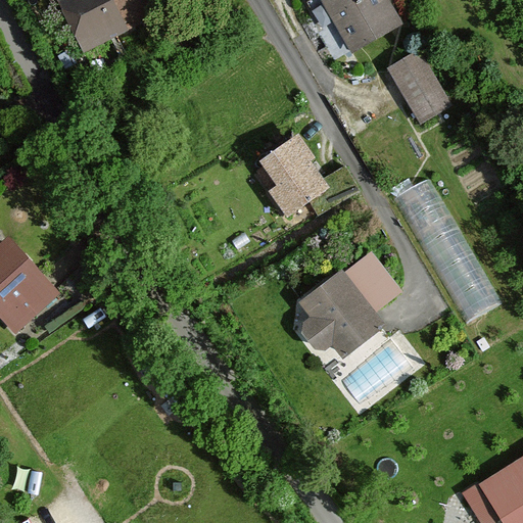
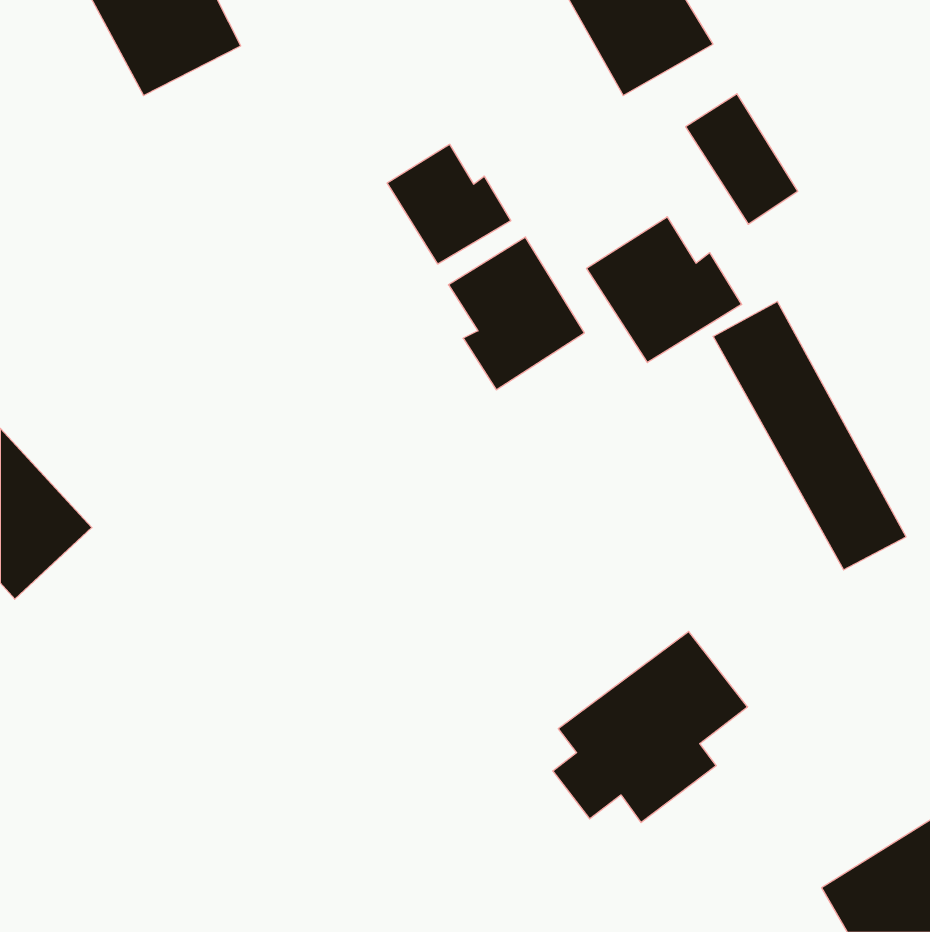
building: none -> [387,144,511,264]
building: none -> [587,217,742,363]
building: [291,251,399,358] -> [553,631,748,823]

